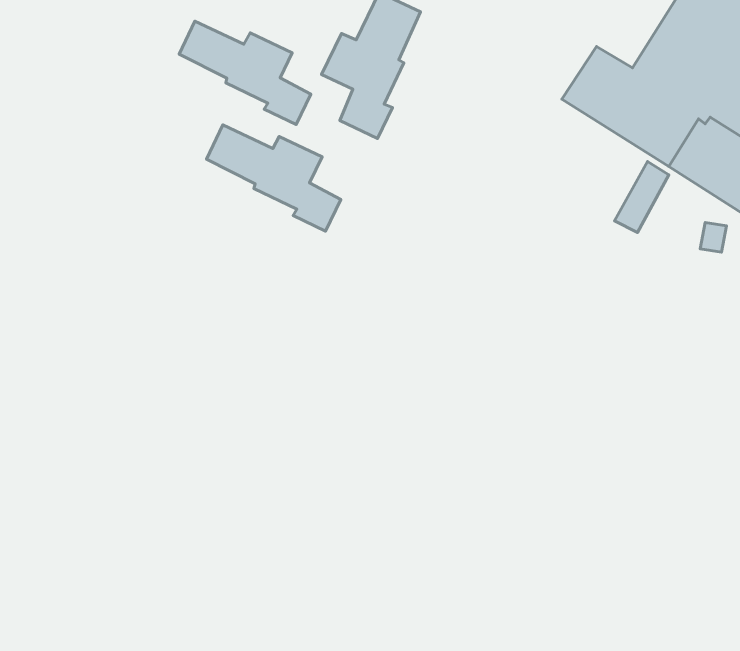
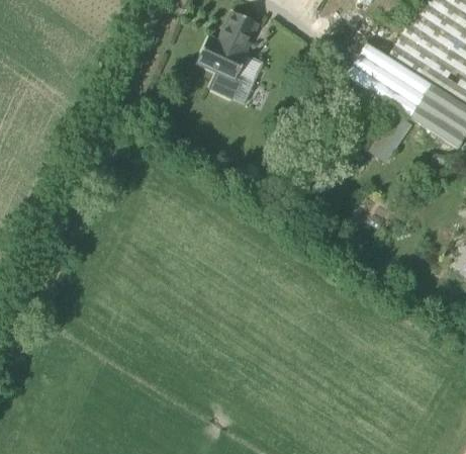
building: [179,21,311,125] -> none
building: [207,125,341,231] -> none

